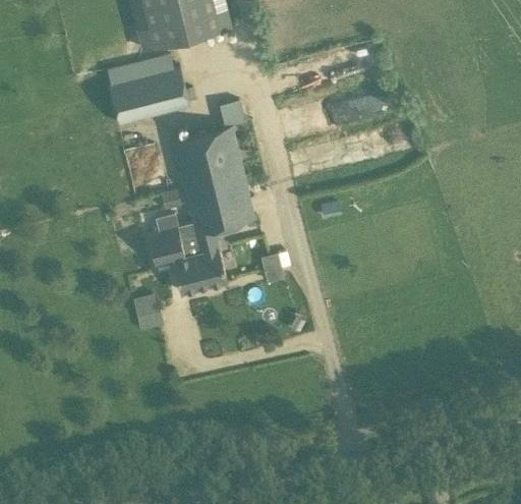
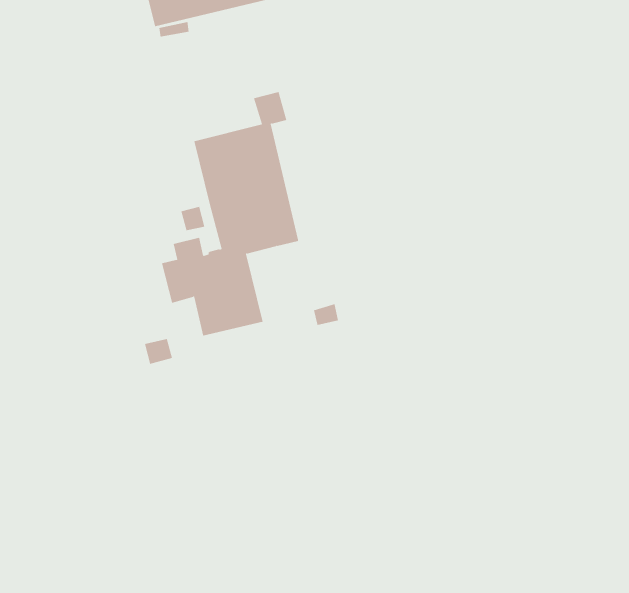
building: [106,55,189,123] -> none

